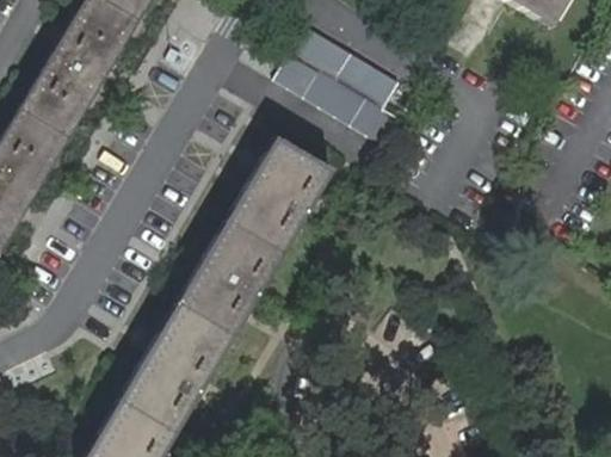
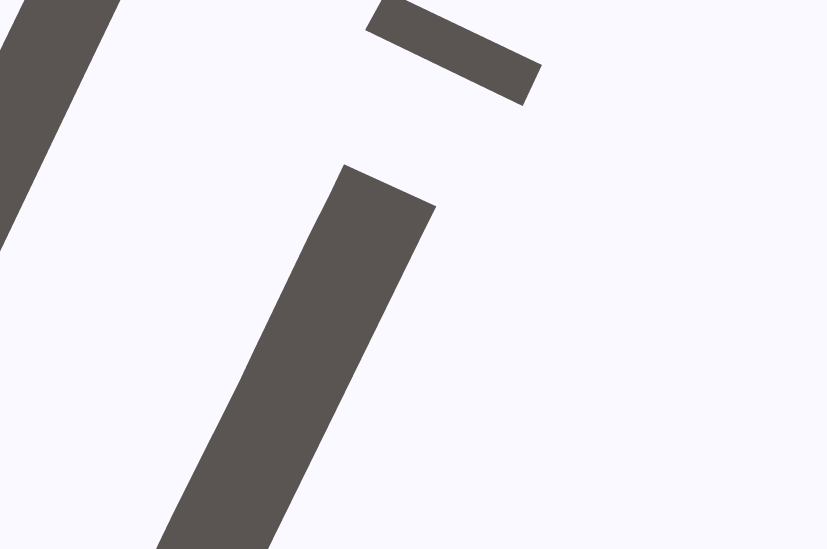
building: [283,55,411,150] -> none

